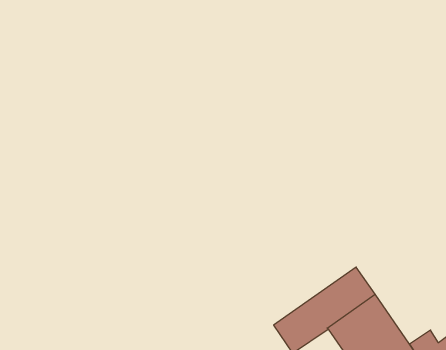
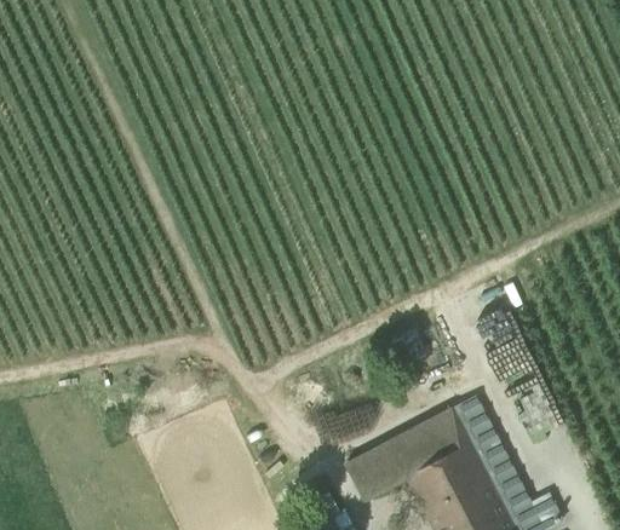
building: none -> [449,396,527,506]

